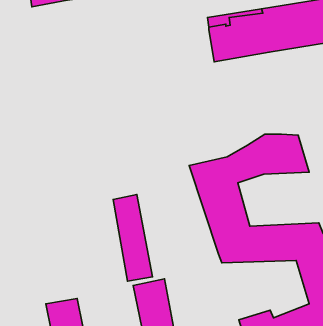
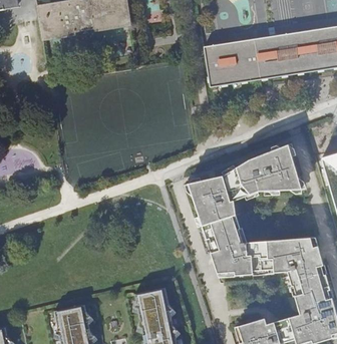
building: [113,194,153,281] -> none

